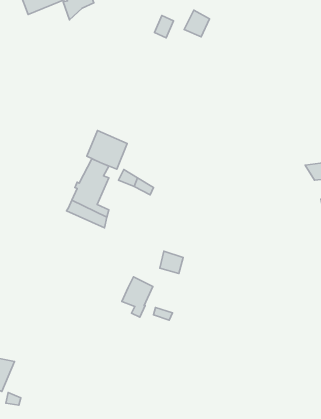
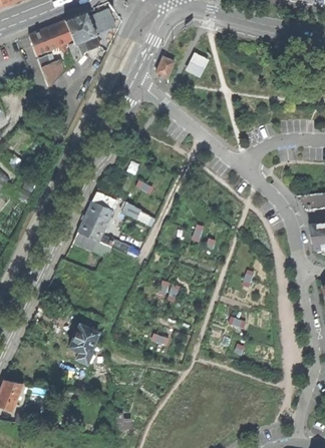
building: none -> [36,52,63,83]
building: [87,131,127,169] -> none
building: [122,277,153,317] -> [67,321,96,359]

